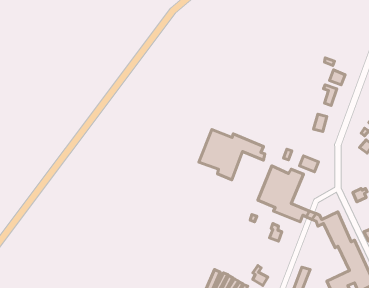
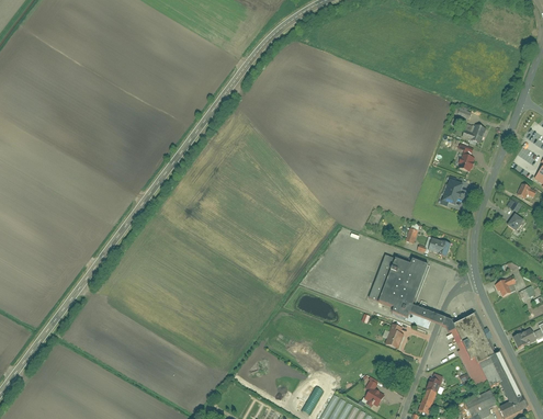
building: [199,129,265,180] -> none

